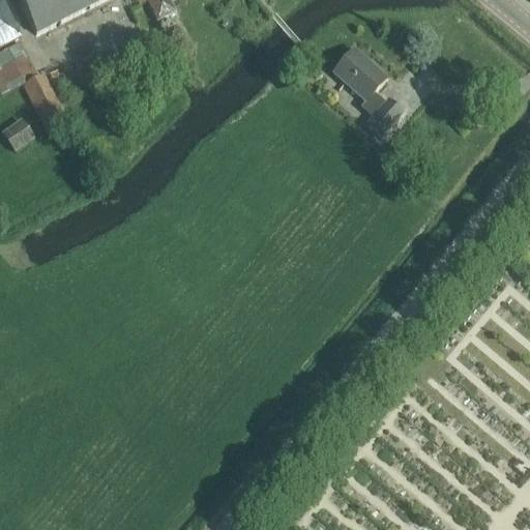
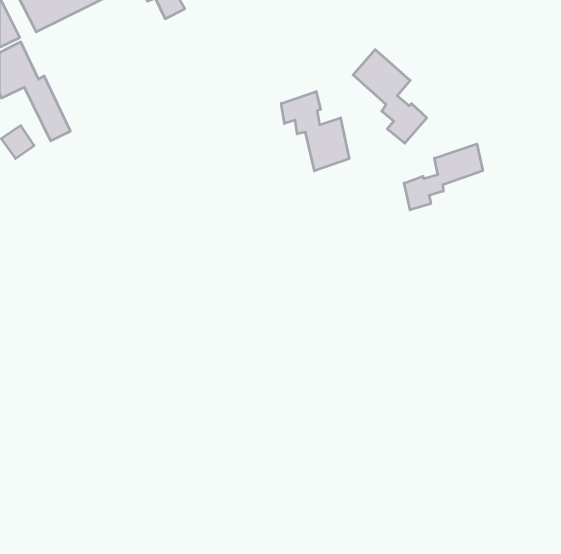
building: none -> [281,91,349,171]
building: none -> [404,144,483,210]

